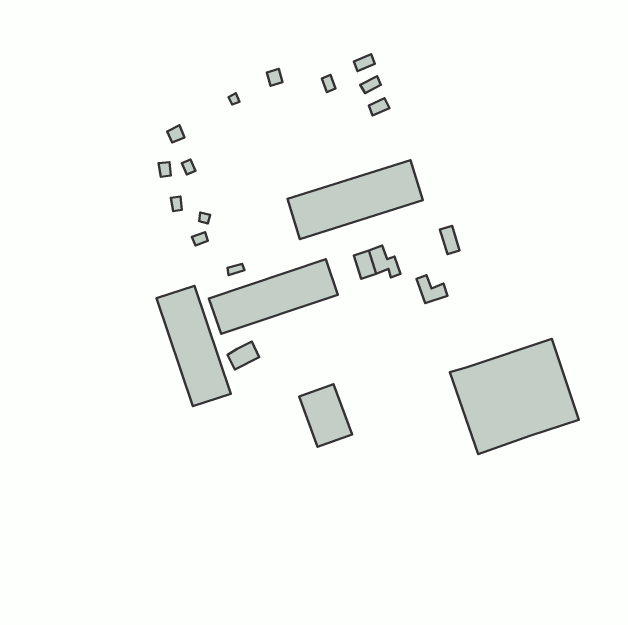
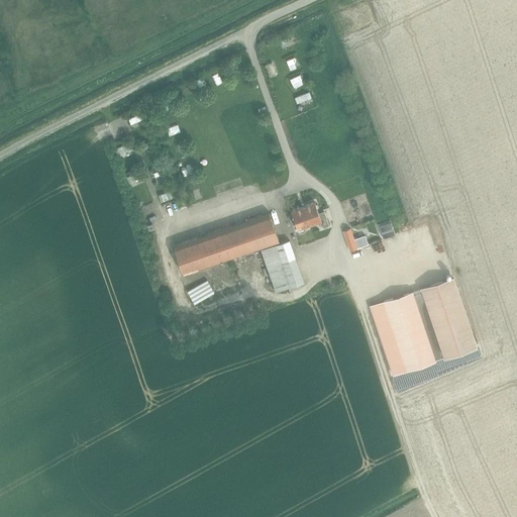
building: [288,160,423,239] -> none
building: [157,286,231,406] -> none
building: [299,384,352,447] -> [261,242,304,294]

